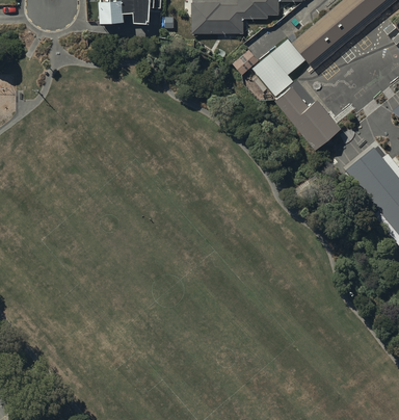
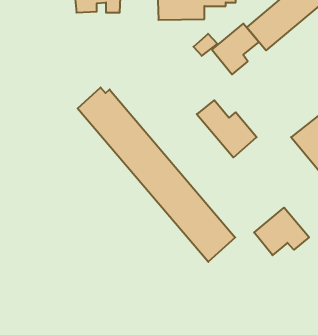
building: [272,86,340,151] -> [197,100,257,157]
building: none -> [78,87,235,262]
building: none -> [254,208,309,255]

